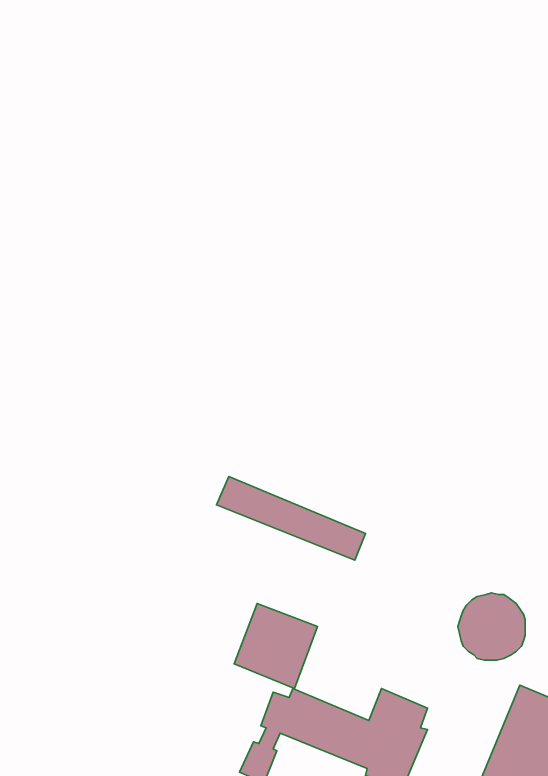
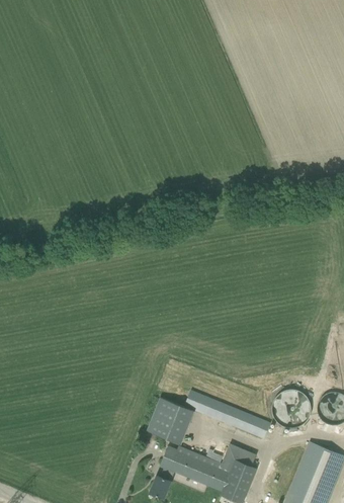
building: [217,477,366,560] -> [184,390,269,437]

